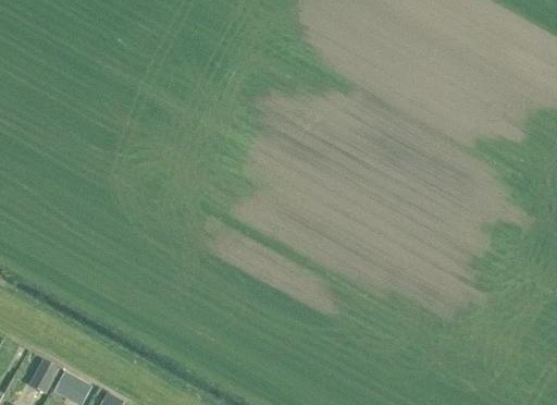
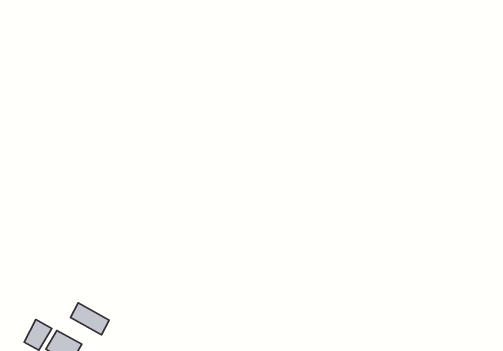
building: none -> [71,303,109,335]

